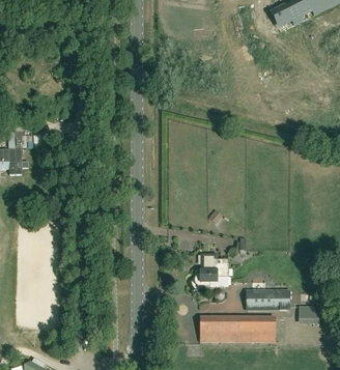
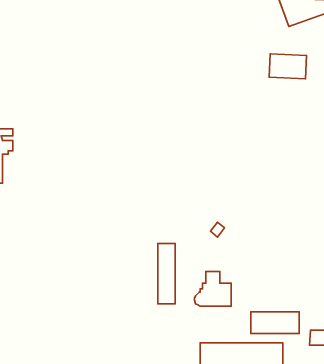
building: none -> [269,54,306,79]
building: none -> [158,244,175,304]

